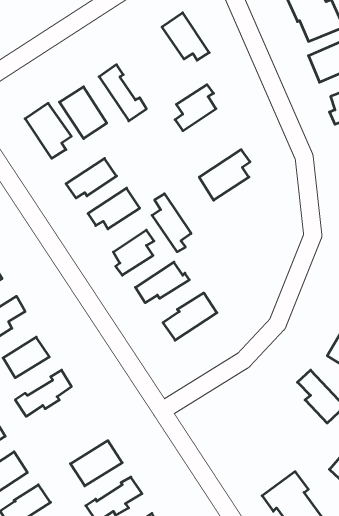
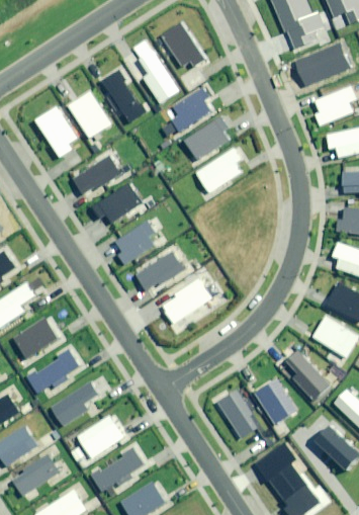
building: none -> [133,38,180,103]
building: none -> [185,116,229,160]
building: [152,194,191,252] -> none
building: none -> [255,378,296,424]
building: none -> [52,382,97,424]
building: none -> [218,391,258,438]

